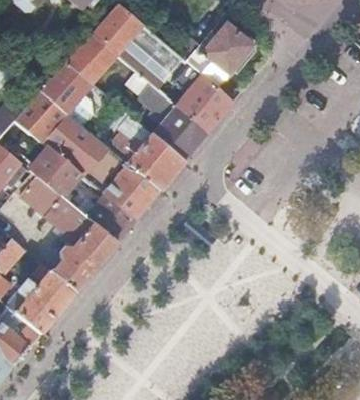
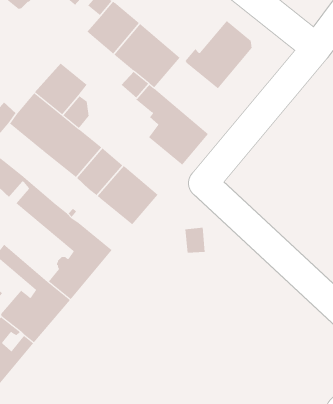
building: [65,34,117,85] -> none
building: [171,64,233,133] -> none
building: [108,111,183,191] -> none
building: [28,149,93,200] -> none
building: [83,195,135,244] -> none

